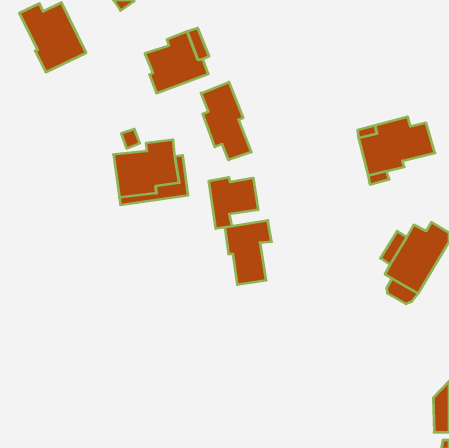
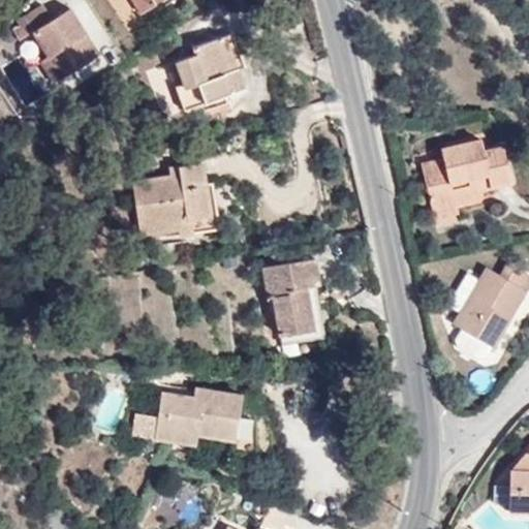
building: [201,82,251,160] -> none
building: [209,177,258,229] -> none
building: none -> [156,388,242,444]

